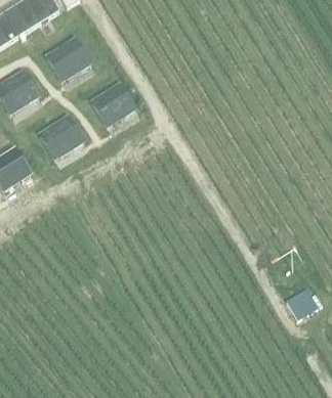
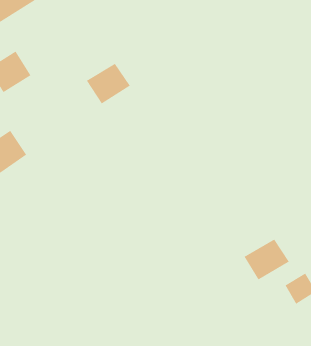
building: [46,37,89,80] -> none
building: [40,117,82,158] -> none
building: none -> [243,238,290,281]

